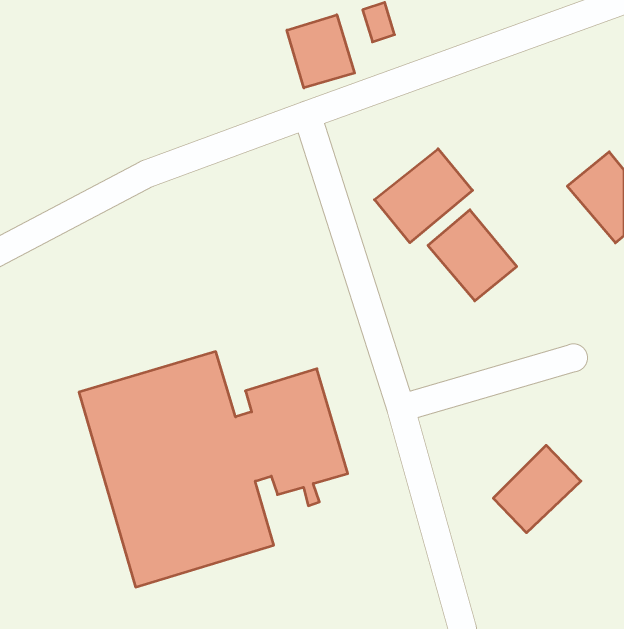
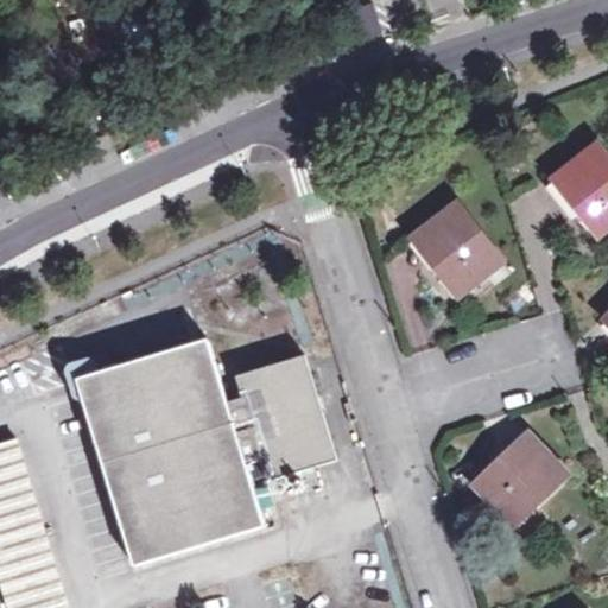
building: [287,15,355,88] -> none
building: [374,149,473,243] -> none

